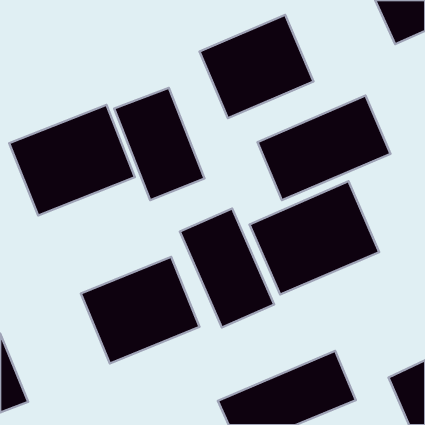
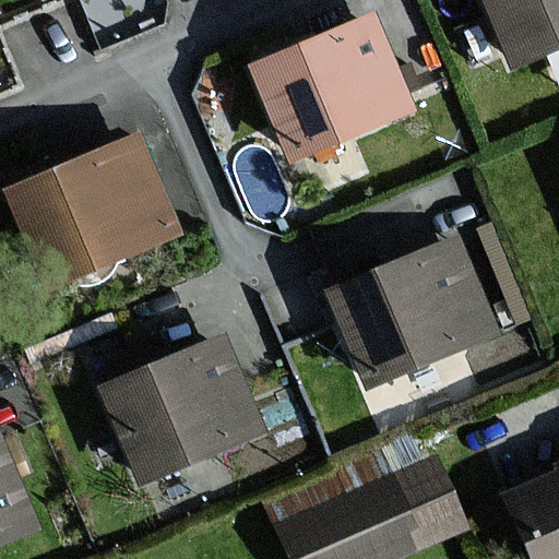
building: [114,88,204,200] -> none
building: [257,95,390,200] -> none
building: [180,208,274,328] -> none

